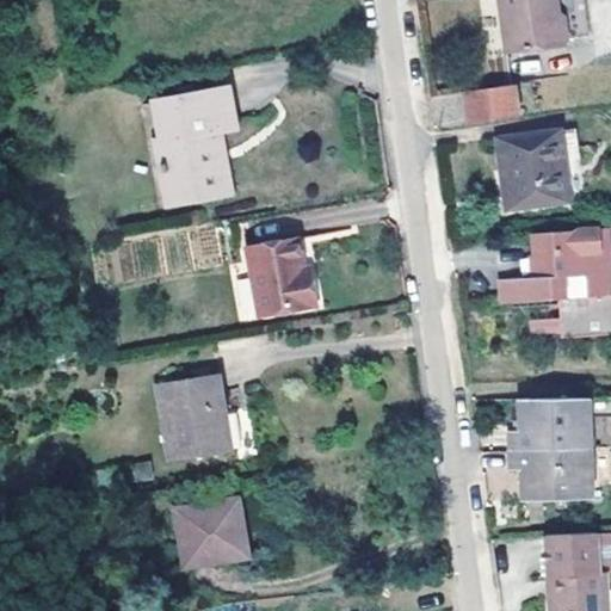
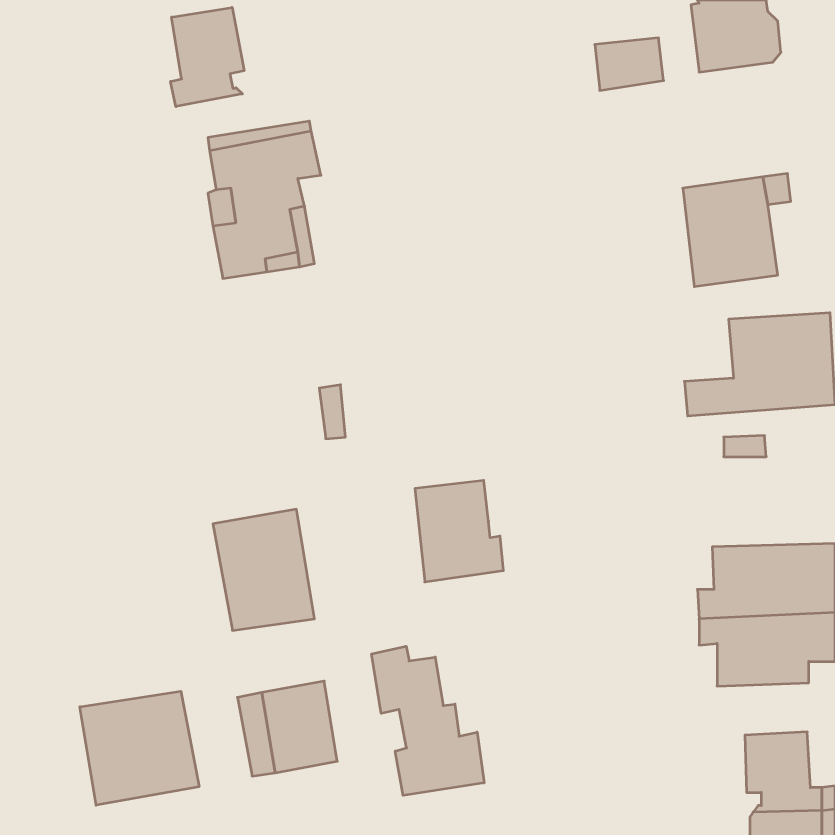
building: none -> [171,7,244,107]
building: [469,86,519,124] -> [595,38,664,90]
building: [251,232,315,306] -> [415,480,503,582]
building: none -> [372,646,484,795]
building: none -> [80,691,199,805]

